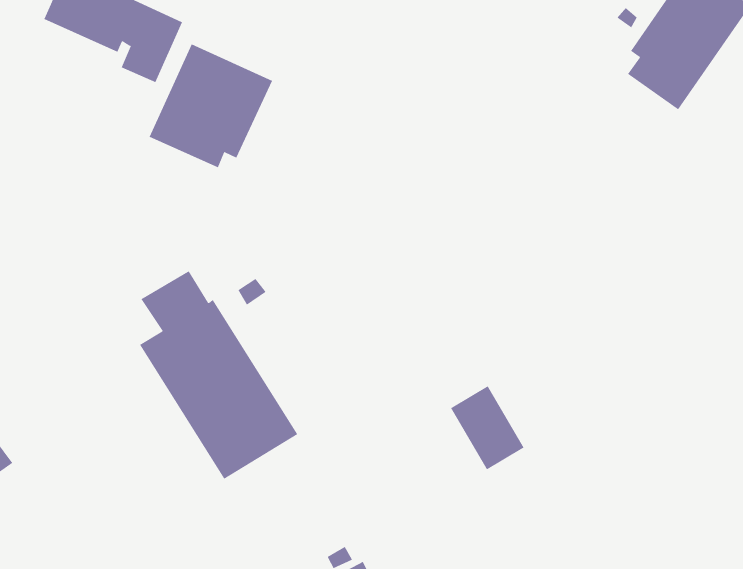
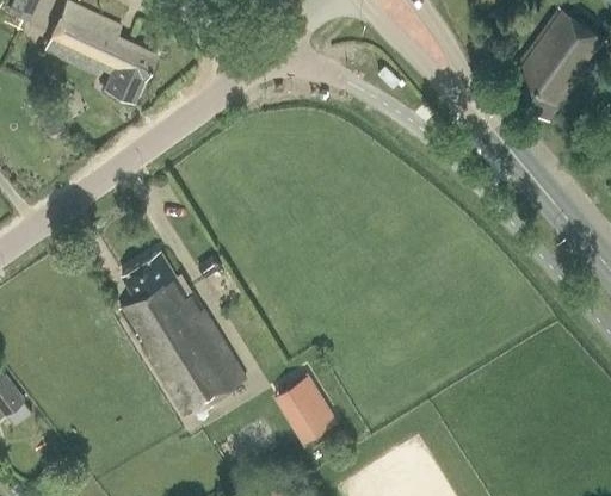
building: [149,43,273,168] -> none
building: [450,386,524,470] -> [279,376,338,442]

